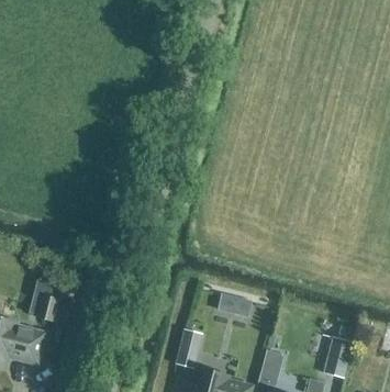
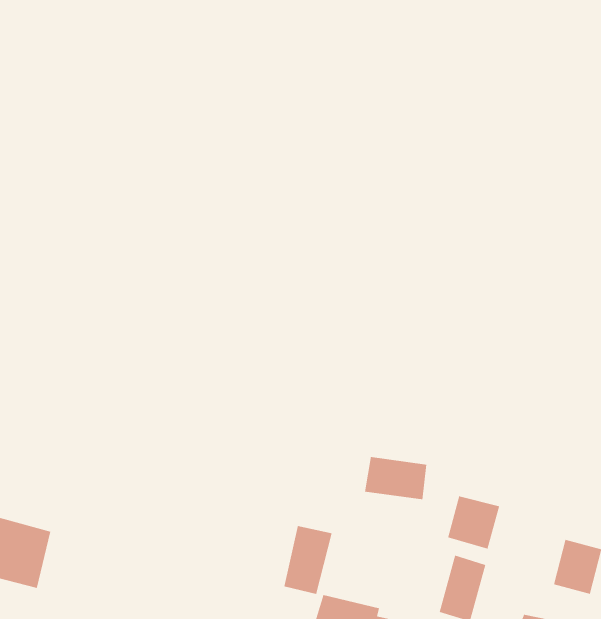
building: [29,281,60,324] -> none
building: none -> [448,495,500,549]

